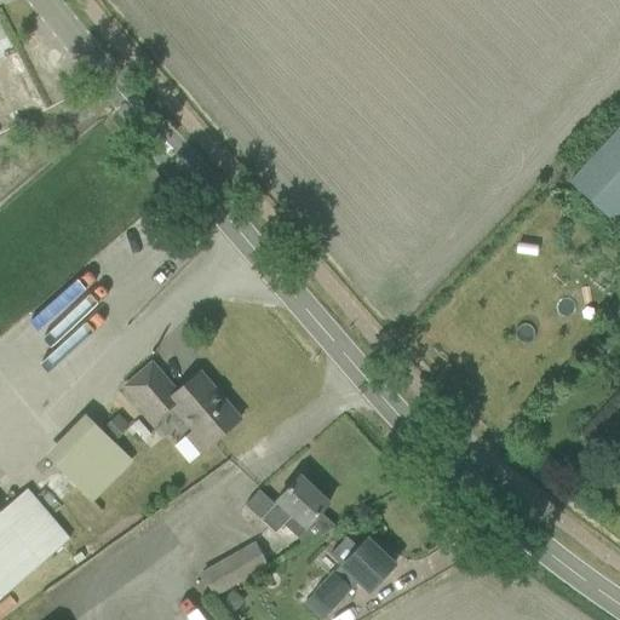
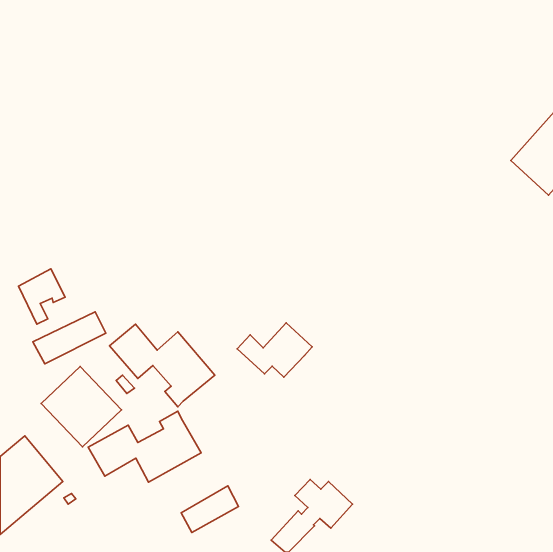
building: none -> [33,312,106,364]
building: none -> [88,411,201,482]
building: [246,475,329,535] -> [237,323,312,377]

